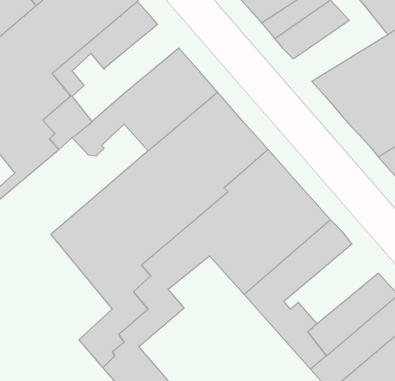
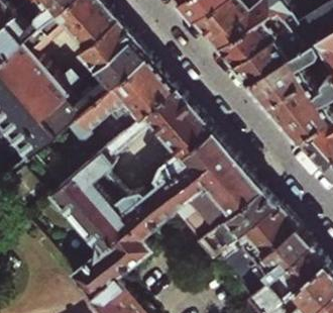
building: none -> [233,24,305,80]
building: none -> [90,36,146,89]
building: none -> [226,203,298,264]

